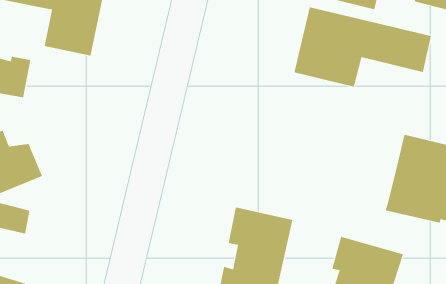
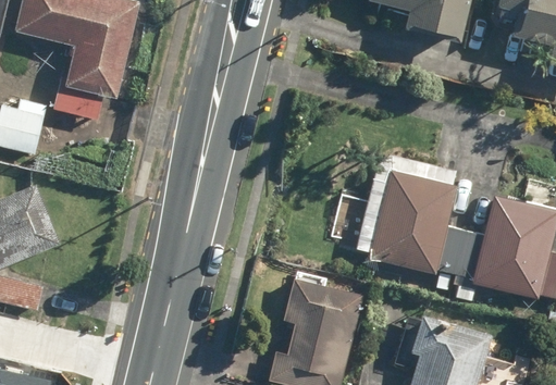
building: [294,6,432,87] -> none
building: none -> [358,154,483,277]

